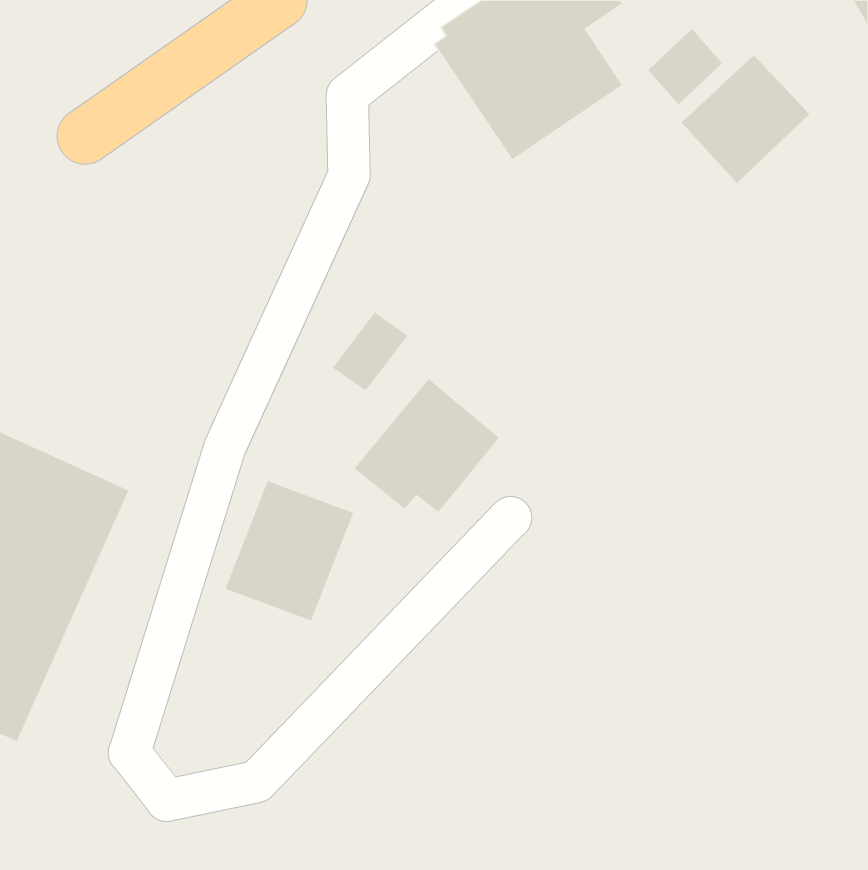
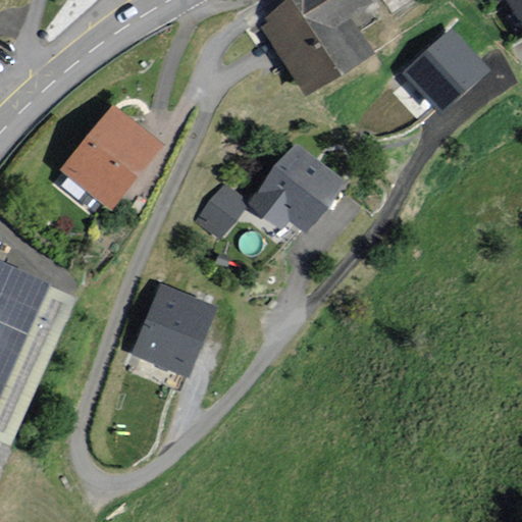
building: [647,28,723,105] -> none
building: none -> [60,103,164,210]
building: [353,378,500,513] -> [252,146,340,226]

